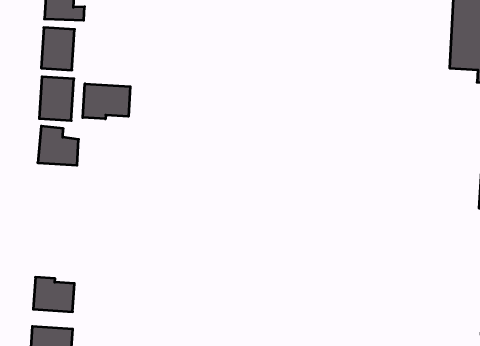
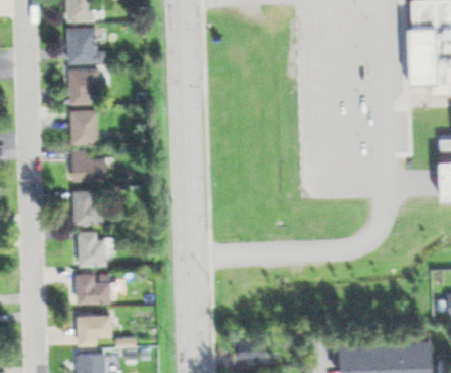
building: [83,84,130,119] -> none
building: none -> [73,191,101,224]
building: none -> [79,232,104,266]

